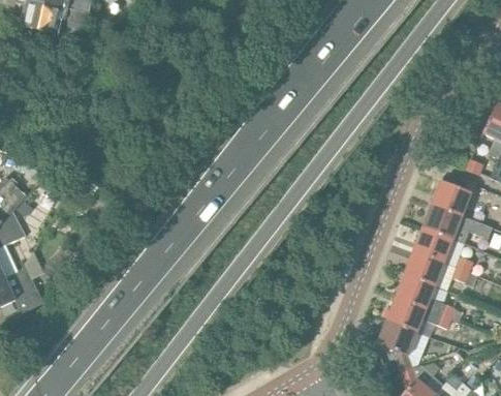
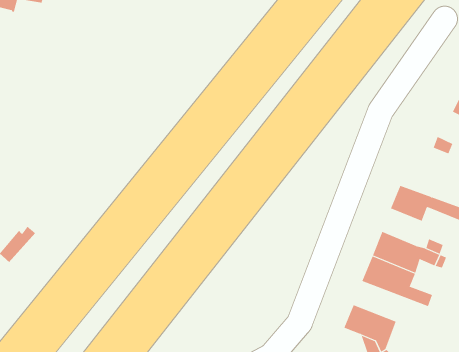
building: [432,176,476,215] -> none
building: [414,226,453,263] -> none
building: [386,297,461,336] -> none

